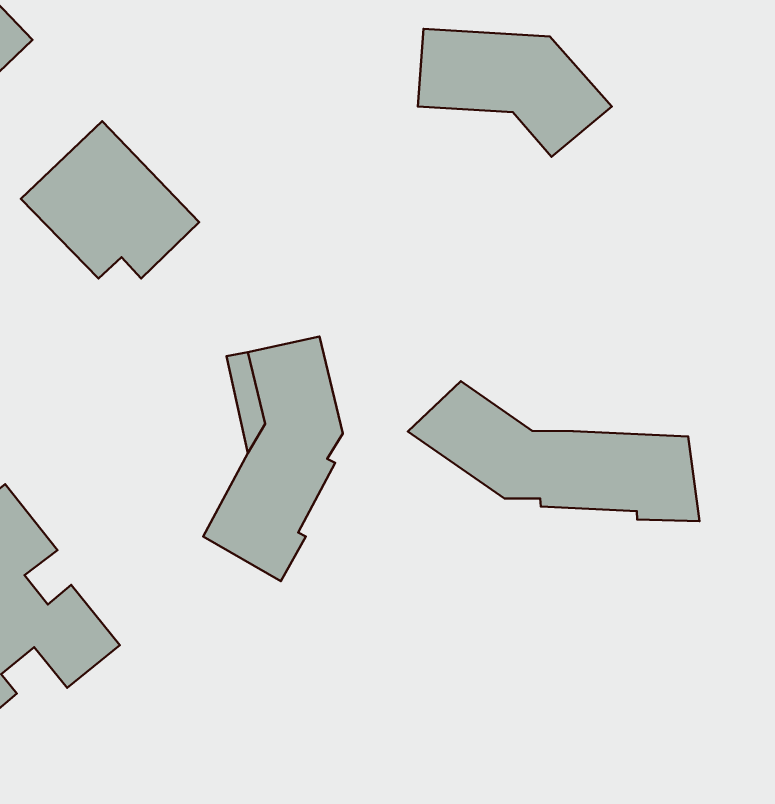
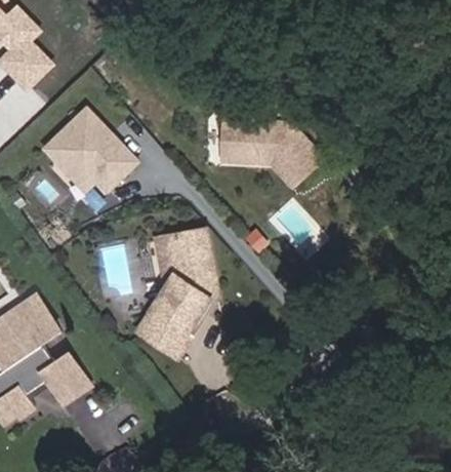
building: [418,29,612,157] -> [214,117,317,185]
building: [408,381,699,521] -> none

